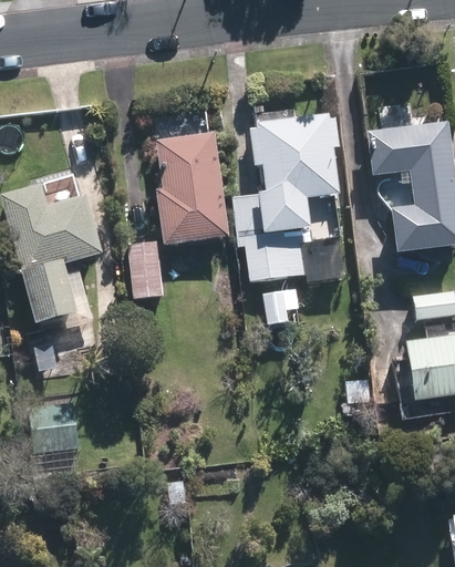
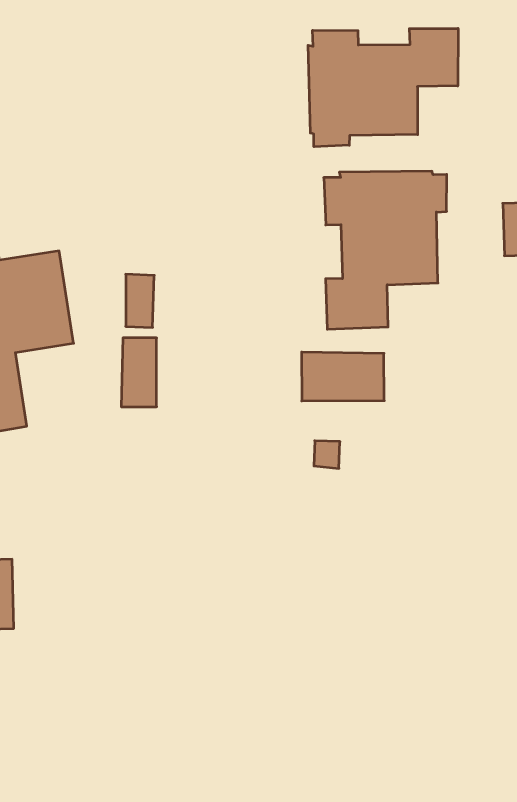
building: none -> [308,28,458,147]
building: [159,135,223,240] -> none

